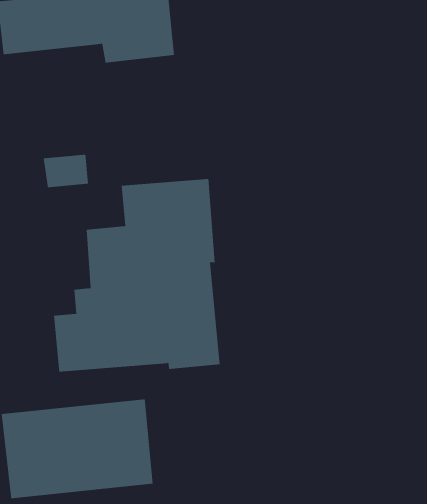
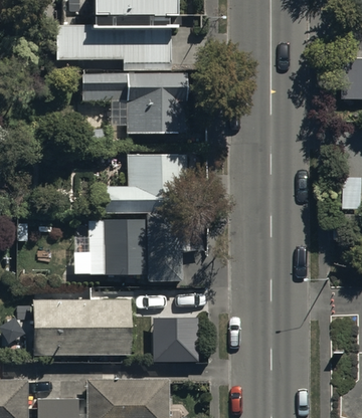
building: none -> [79,72,186,133]
building: none -> [152,323,199,366]

